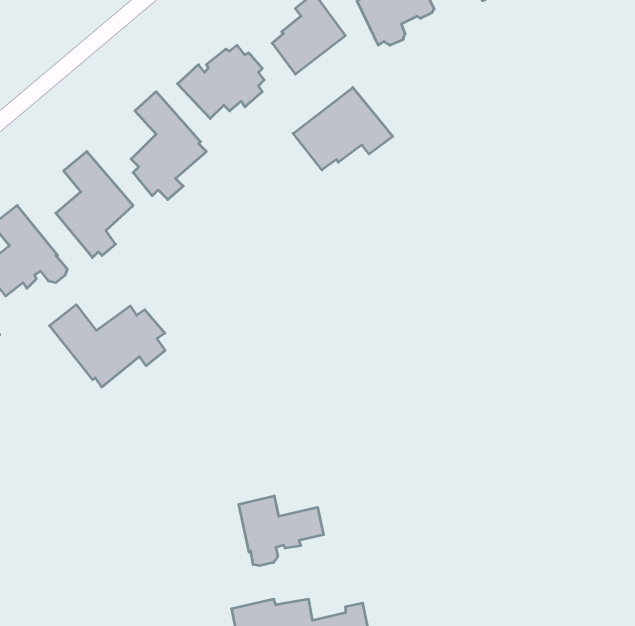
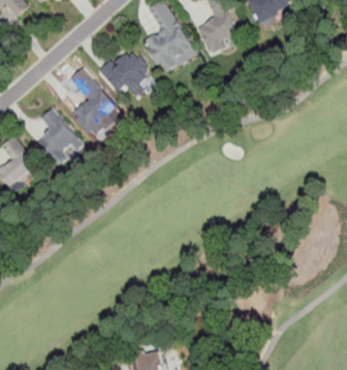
building: [293,87,393,170] -> none
building: [49,305,165,387] -> none
building: [239,496,324,566] -> none

